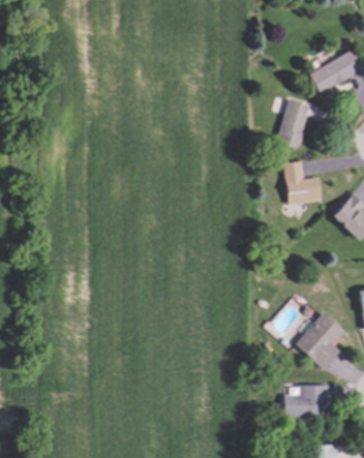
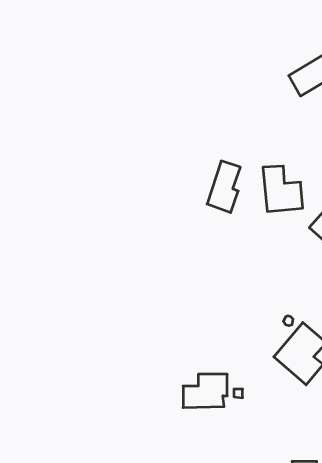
building: [276,100,308,150] -> [207,161,240,213]
building: [285,384,328,416] -> [183,374,227,408]

